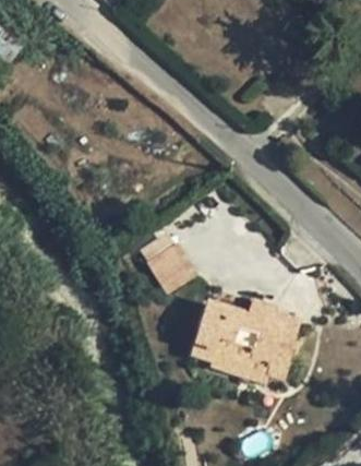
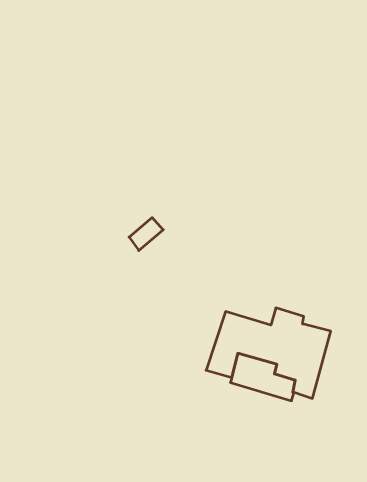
building: [149,244,194,289] -> none

